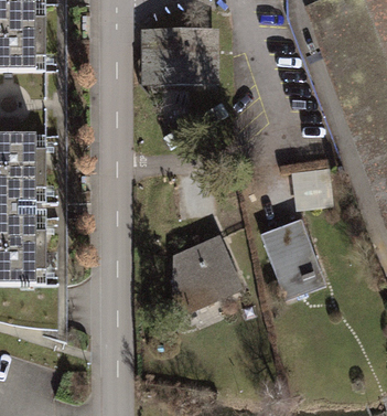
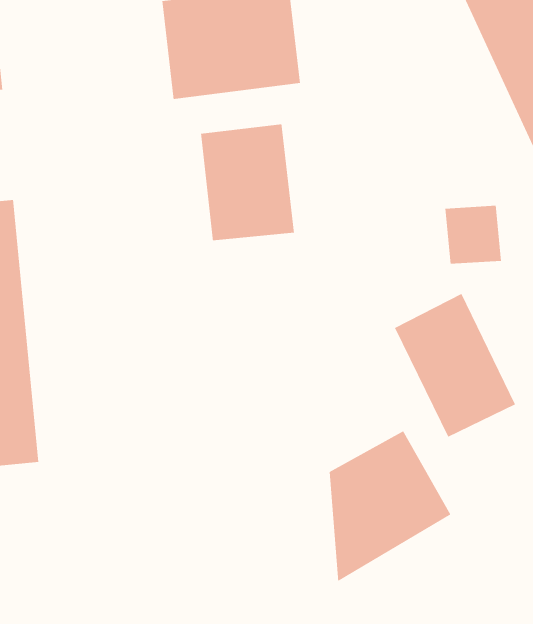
building: none -> [201,124,294,241]
building: [175,232,246,317] -> [329,431,451,582]

